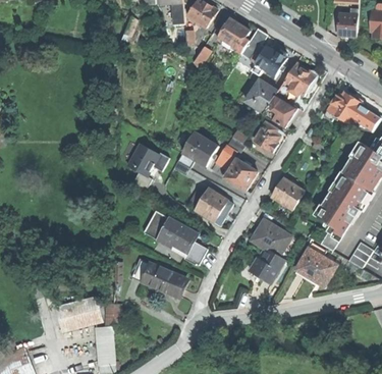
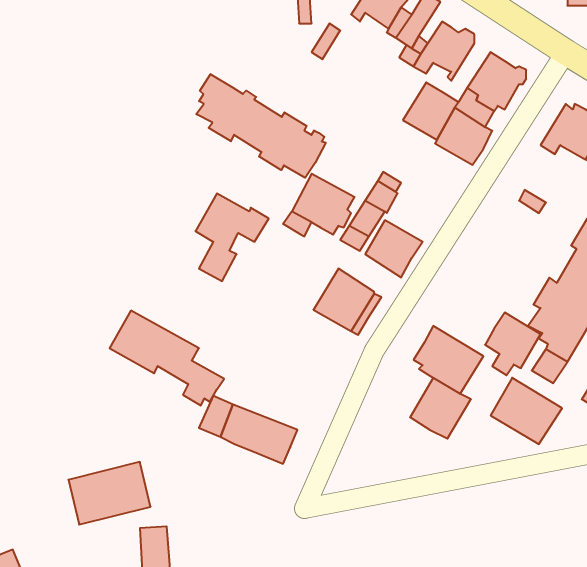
building: none -> [196,74,326,178]
building: [254,121,281,151] -> none
building: [272,177,304,213] -> [485,313,541,375]
building: [143,210,208,264] -> [110,311,224,406]

